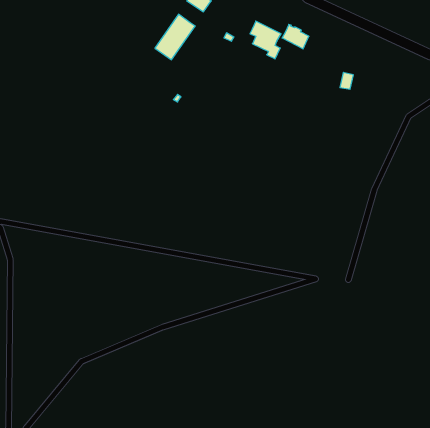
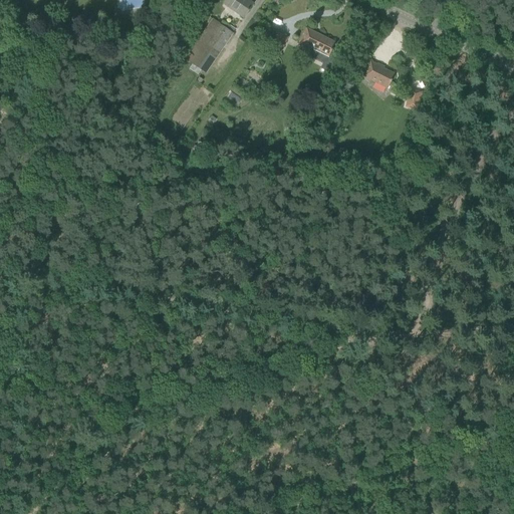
building: [282,24,309,49] -> [361,57,394,86]

